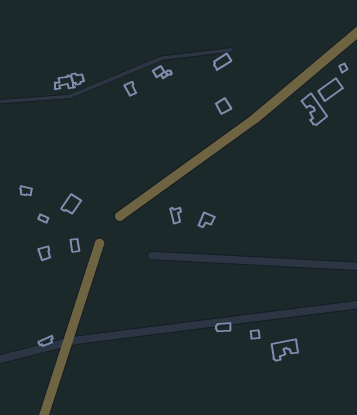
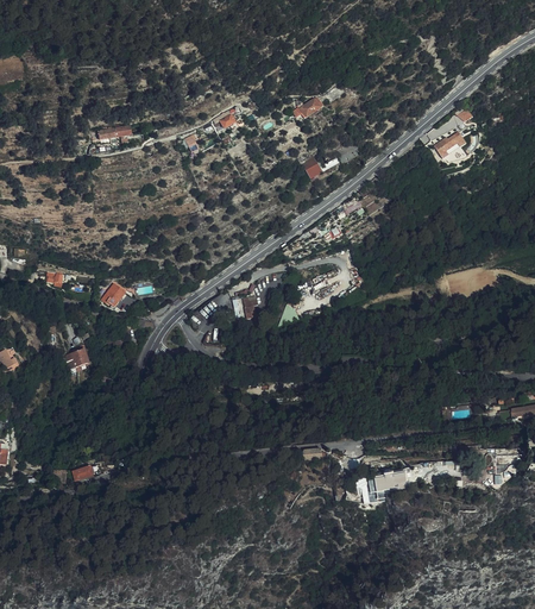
building: [301,93,327,125] -> none

